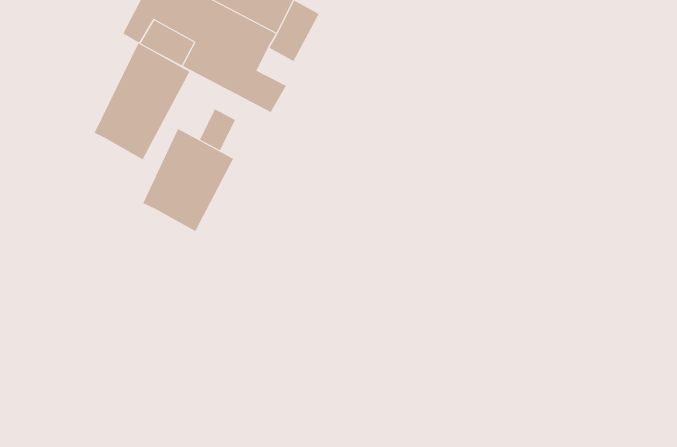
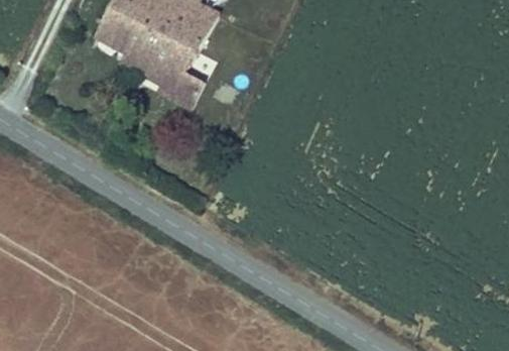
building: [94,43,190,160] -> none
building: [143,128,234,232] -> none

